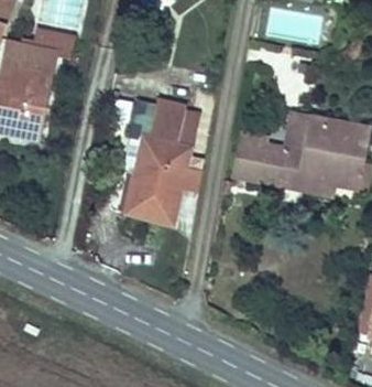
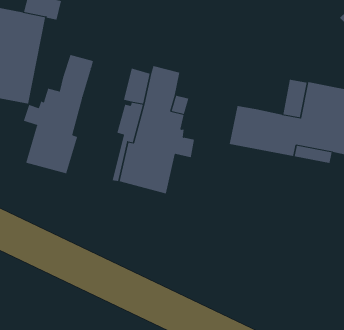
building: none -> [23,54,93,174]

